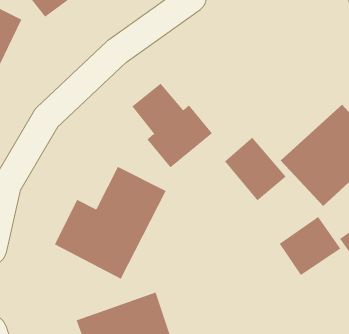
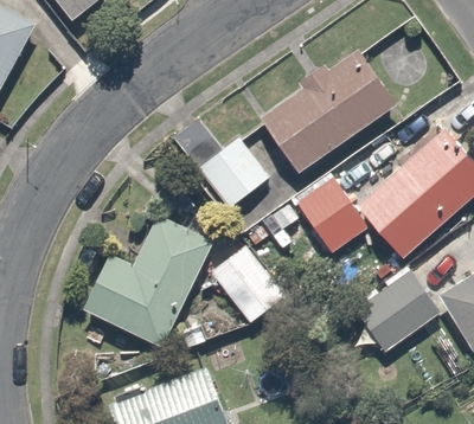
building: none -> [262,53,396,172]
building: none -> [211,243,290,325]

